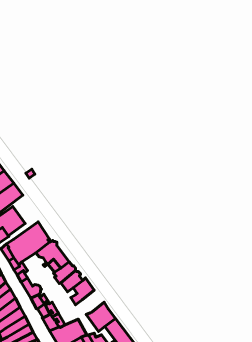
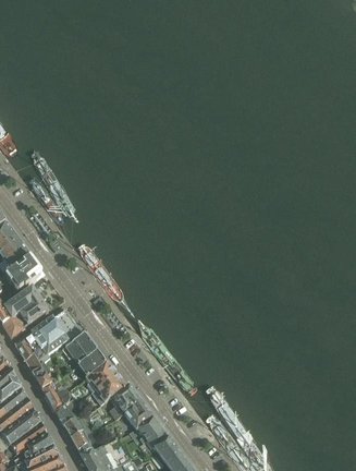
building: none -> [124,399,154,430]

